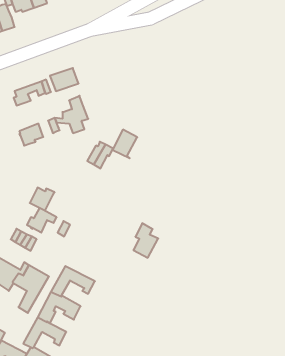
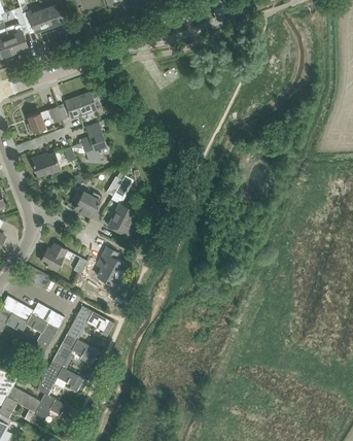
building: [112,130,137,158] -> [108,204,135,235]
building: [30,188,55,210] -> [74,192,101,216]
building: [133,223,158,258] -> [97,247,123,284]

